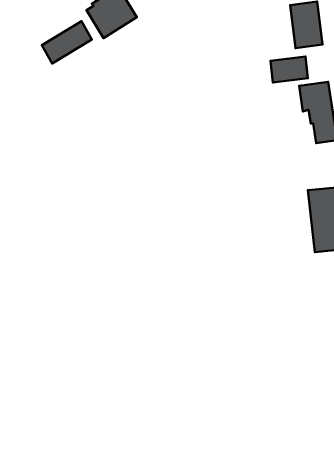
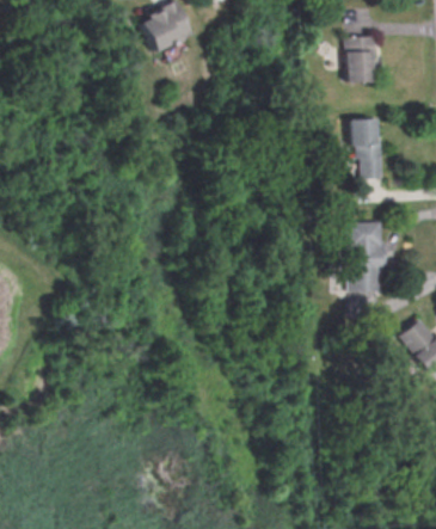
building: [42,21,92,63] -> none
building: [271,57,308,83] -> none

